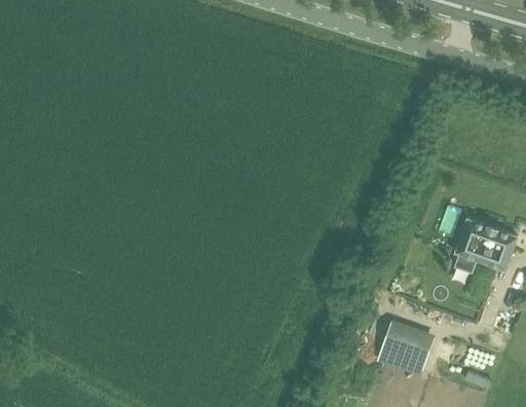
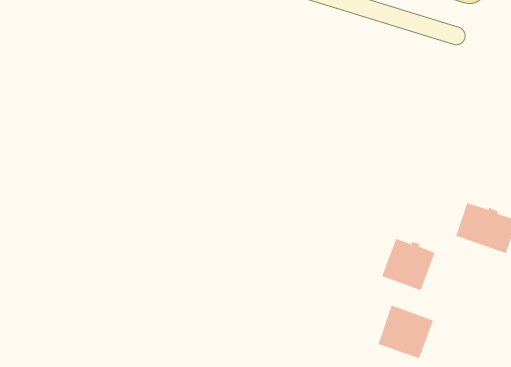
building: none -> [381,237,436,291]

